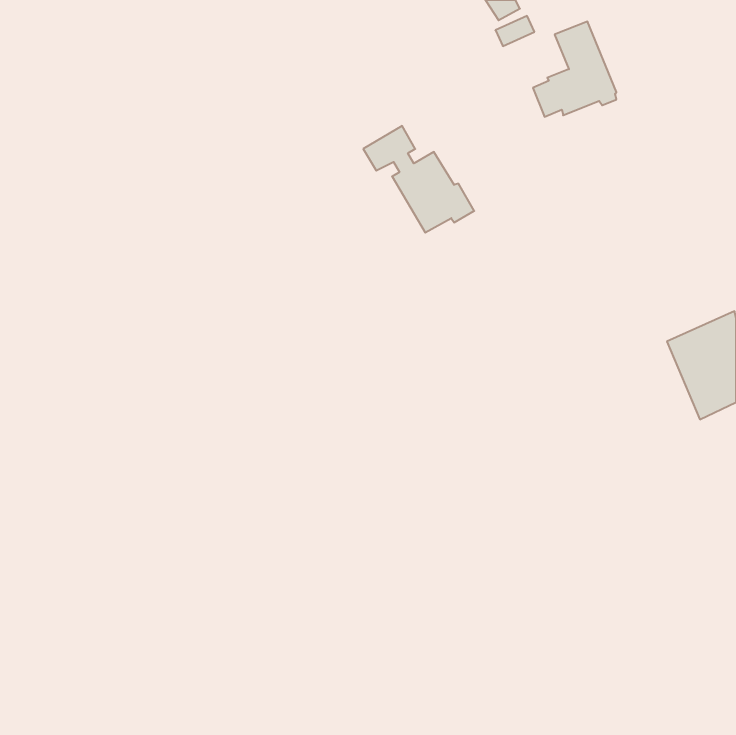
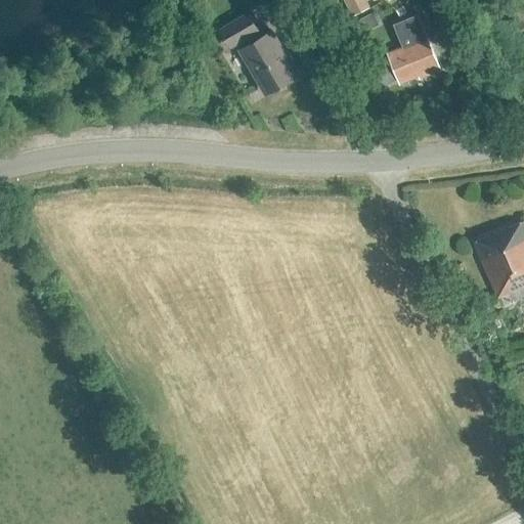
building: [363,126,474,233] -> [221,14,300,90]

